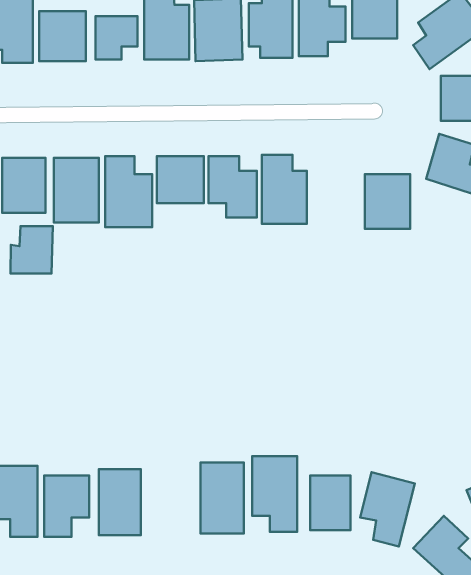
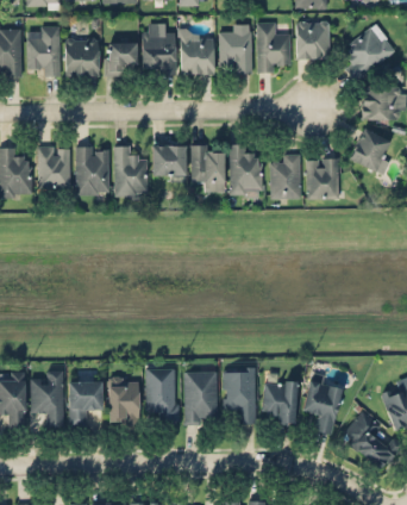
building: none -> [270,154,301,198]
building: [10,226,53,274] -> none
building: none -> [146,368,179,424]

